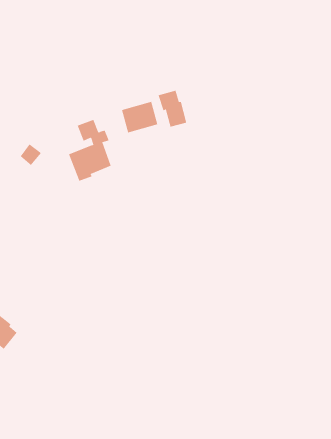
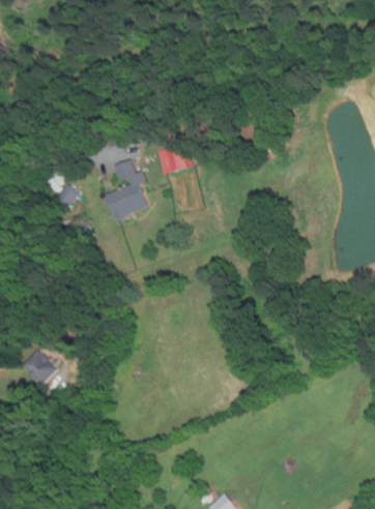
building: [158,90,187,128] -> none

